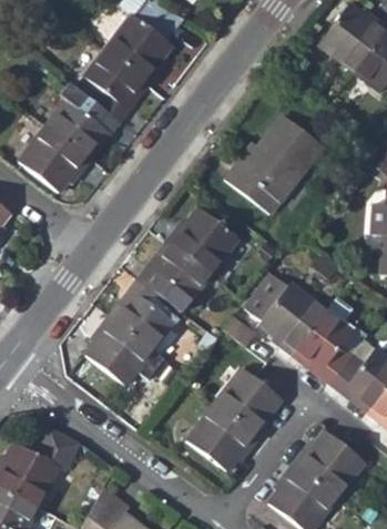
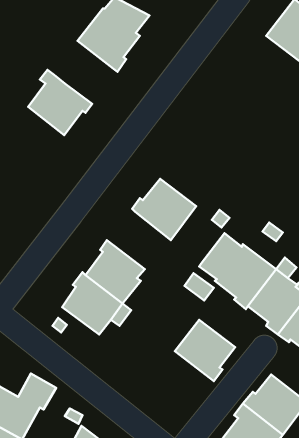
building: [75,50,143,122] -> none
building: [224,114,324,215] -> none
building: [19,125,90,192] -> none
building: [135,245,208,311] -> none
building: [186,404,257,471] -> none

